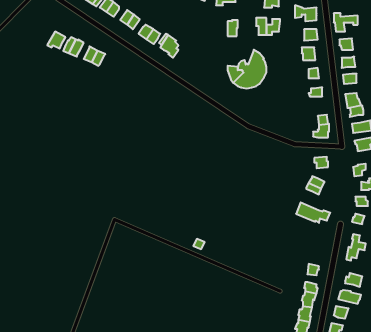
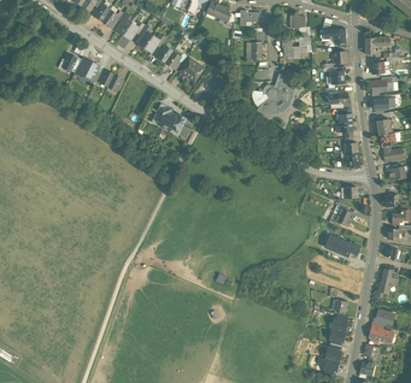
building: none -> [152,105,192,139]

